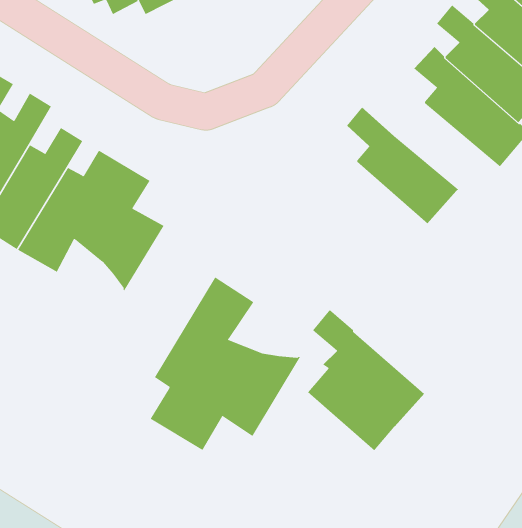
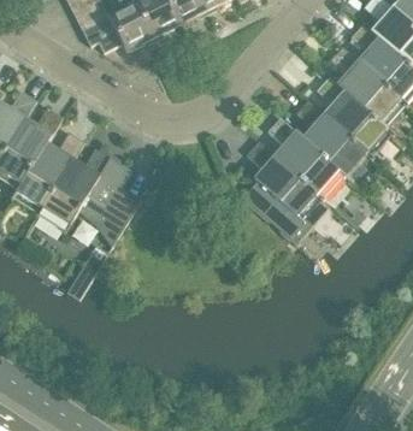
building: none -> [294,96,374,178]
building: [150,277,301,451] -> none
building: [307,309,425,451] -> [242,136,324,235]

